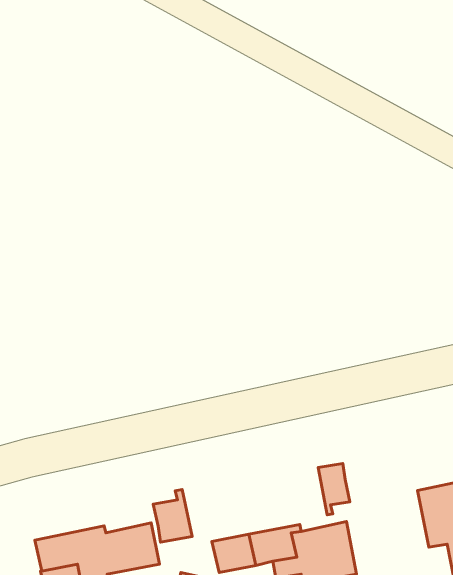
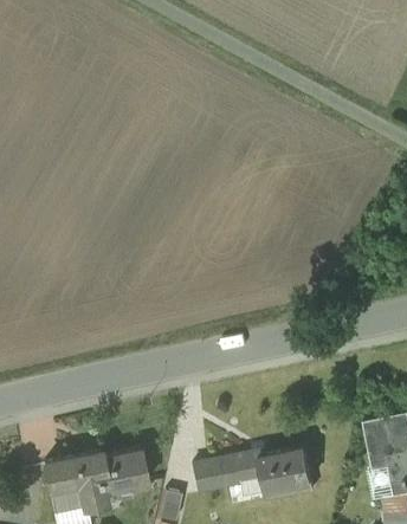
building: [318,464,350,515] -> none
building: [153,489,192,542] -> none

